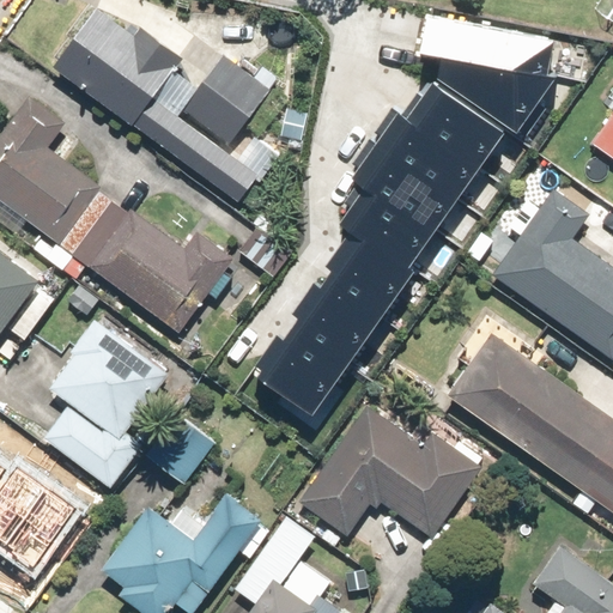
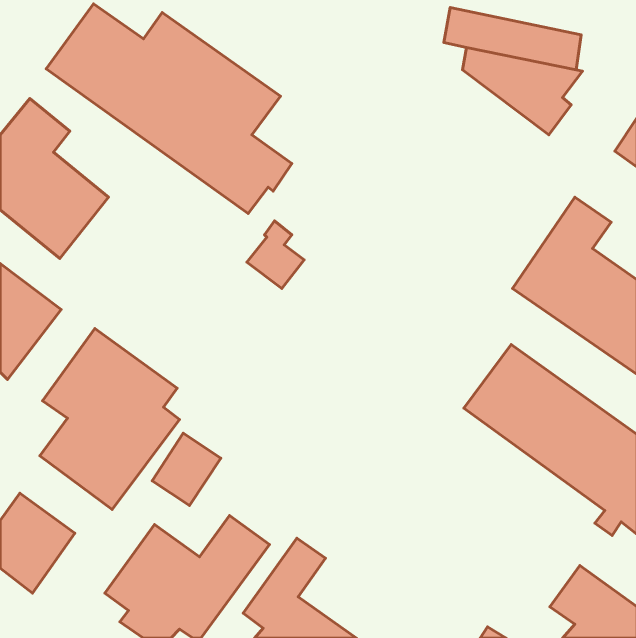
building: [244,84,510,412] -> none
building: [72,202,233,333] -> none
building: [299,406,486,541] -> none

